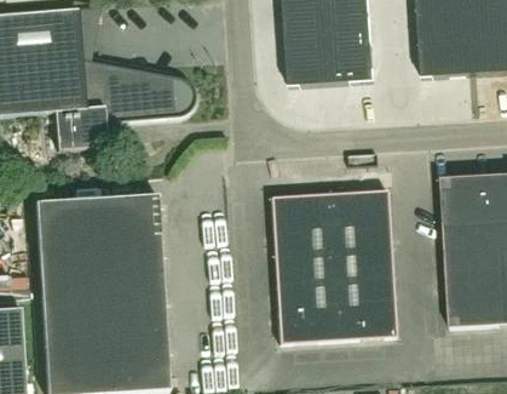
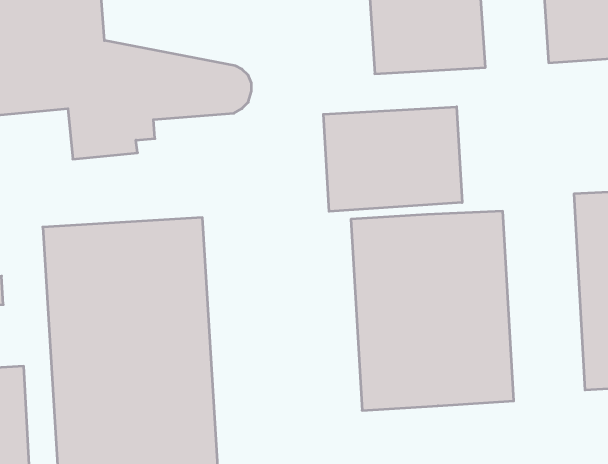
building: none -> [323,107,462,211]

